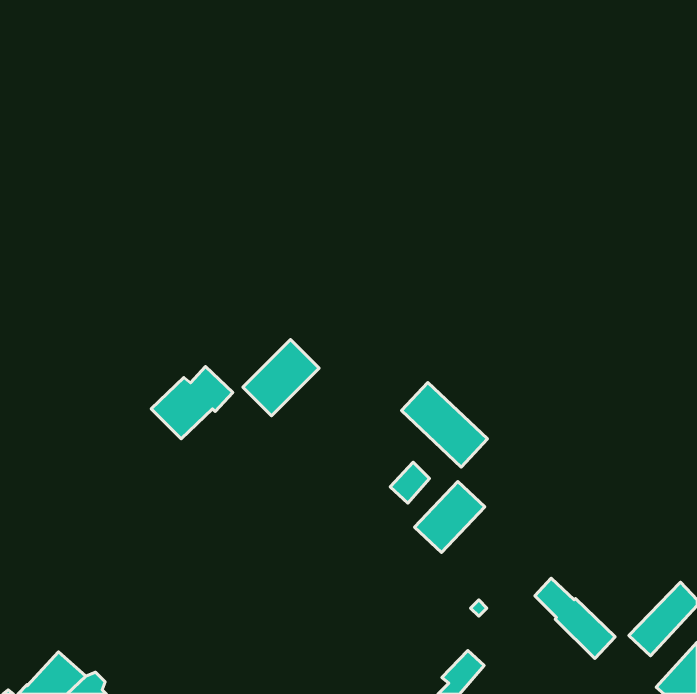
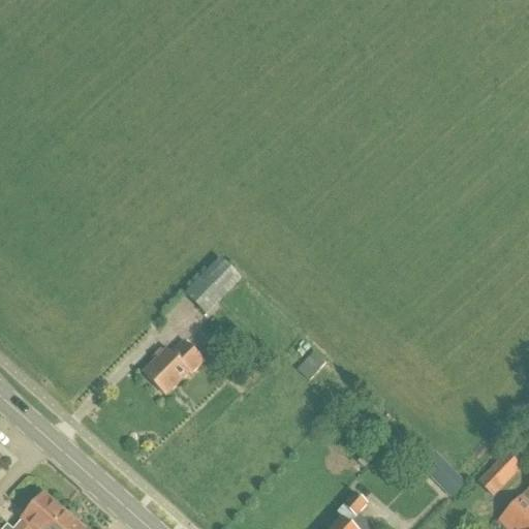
building: [151,366,233,439] -> [142,341,204,396]
building: [401,383,488,467] -> none
building: [415,481,485,553] -> none

